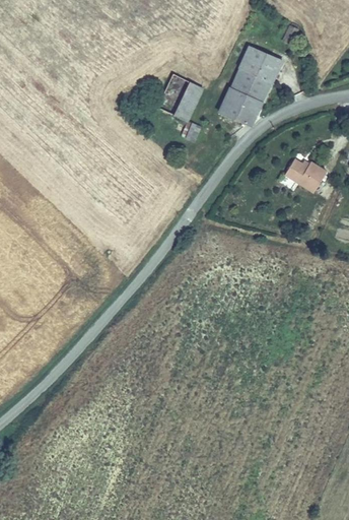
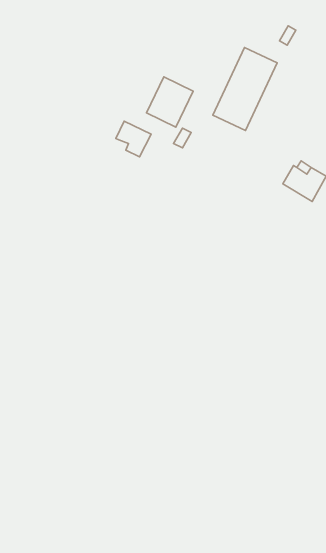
building: none -> [116,121,151,157]

